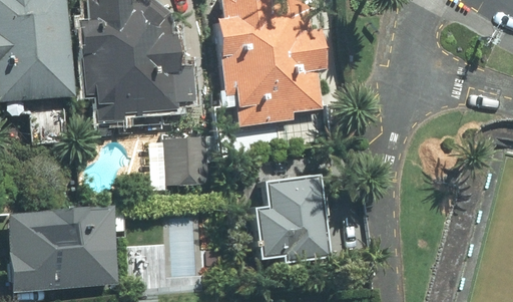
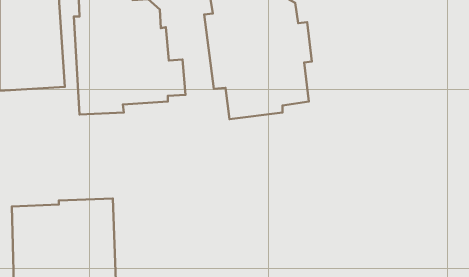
building: [149,138,208,194] -> none
building: [258,172,333,262] -> none

